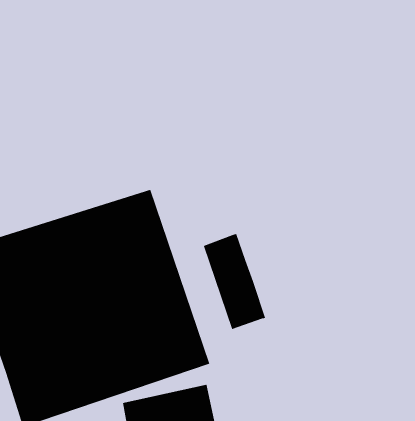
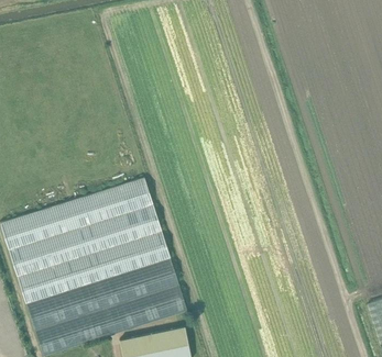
building: [203,233,266,330] -> none

